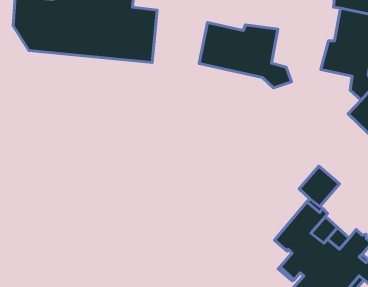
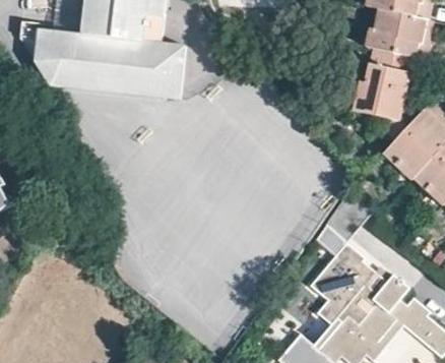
building: [199,22,292,88] -> none

